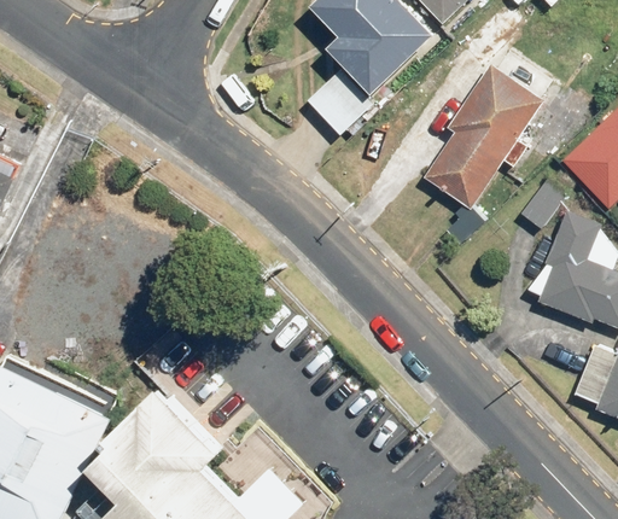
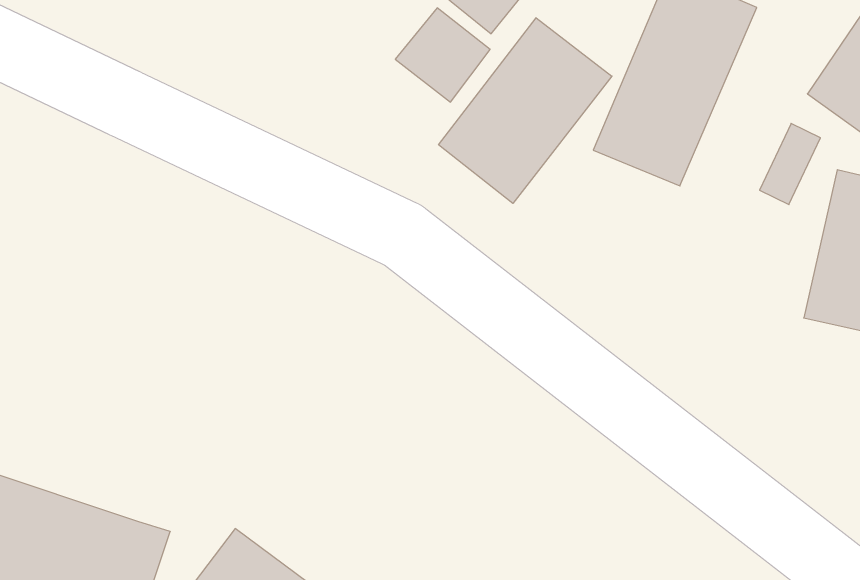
building: none -> [439,18,612,203]

